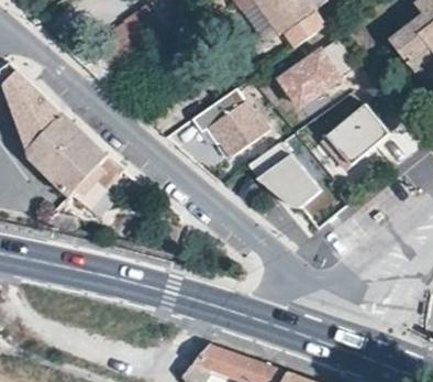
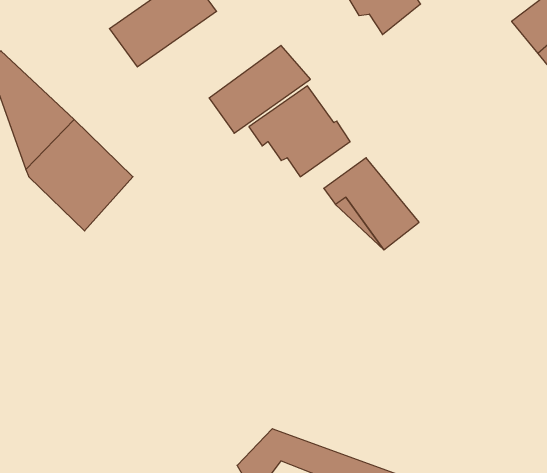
building: [280,40,356,106] -> [209,45,310,133]
building: [321,102,388,167] -> none
building: [68,155,119,217] -> none

